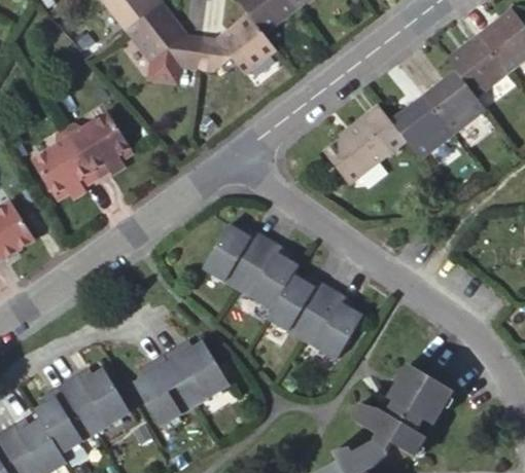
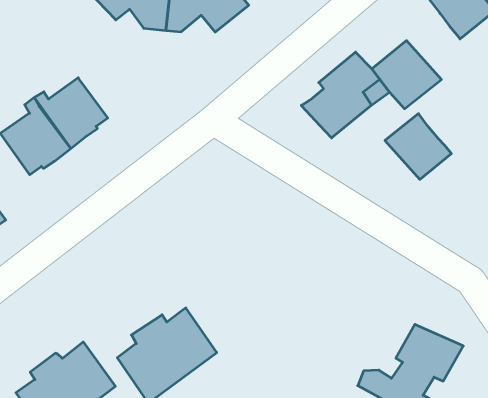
building: [420,73,482,135] -> [385,114,451,179]
building: [202,227,364,359] -> none

